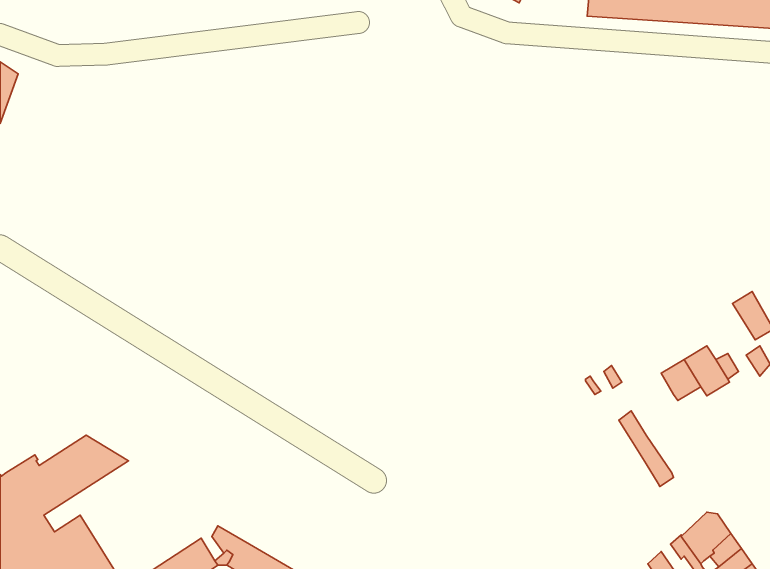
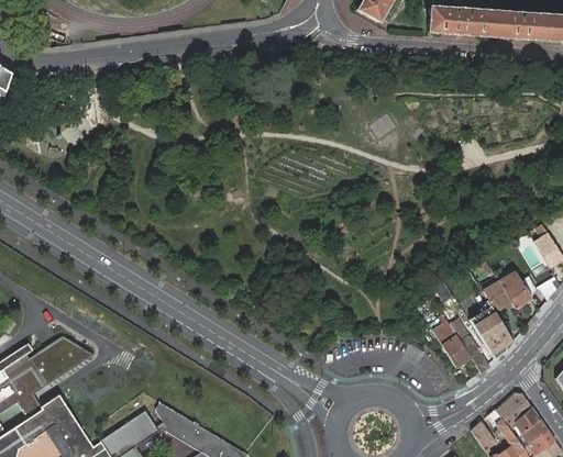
building: none -> [467,306,510,359]
building: none -> [430,312,470,367]

